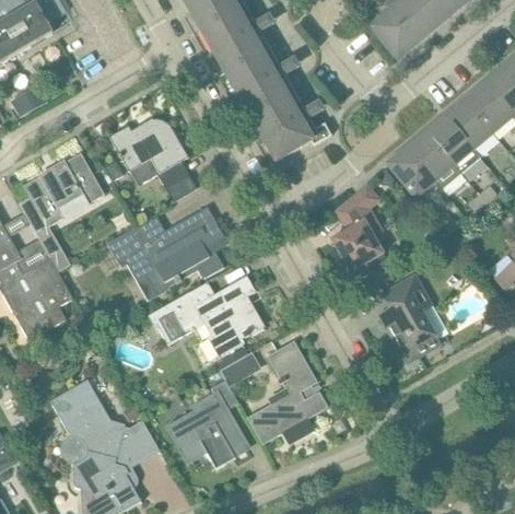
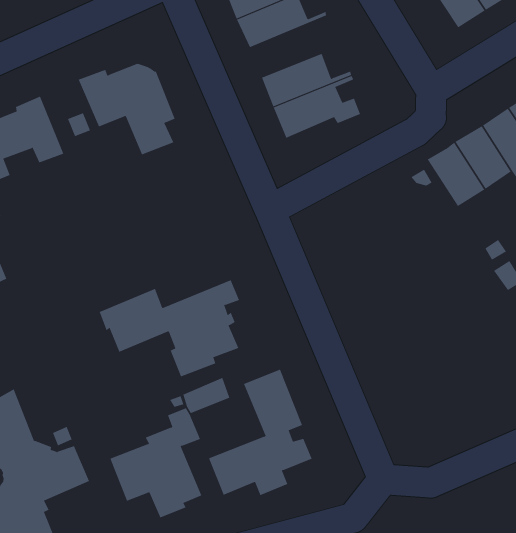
building: [238,61,297,116] -> none
building: [331,185,390,280] -> none
building: [106,207,224,292] -> none
building: [379,276,440,362] -> none

